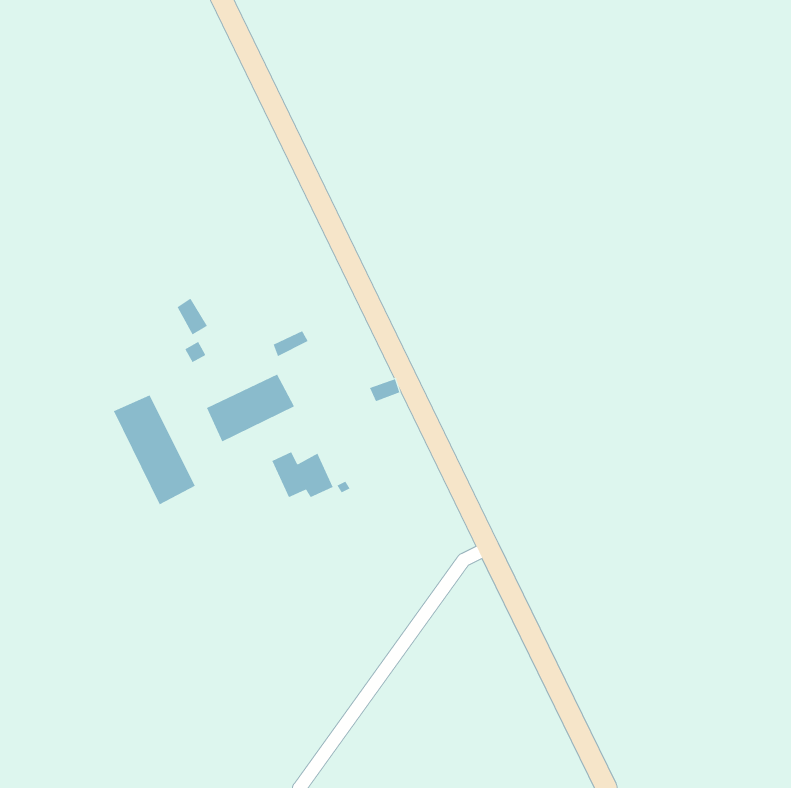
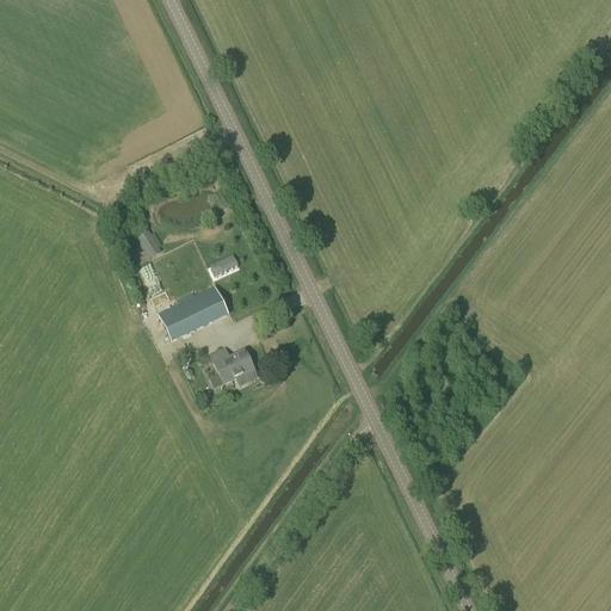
building: [113,394,195,505] -> none

